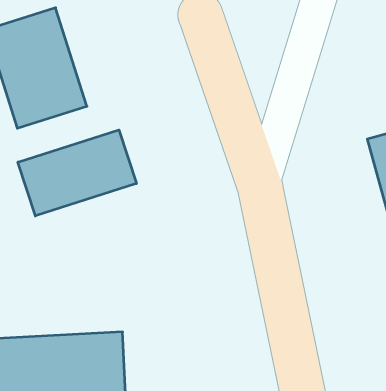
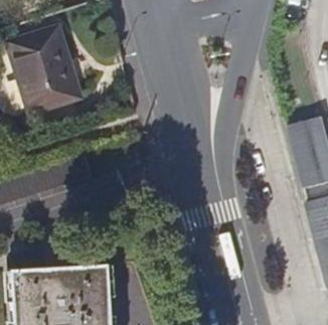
building: [18,130,136,216] -> none

